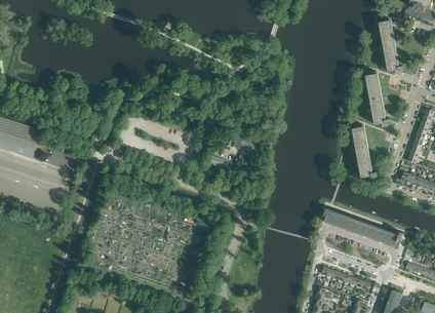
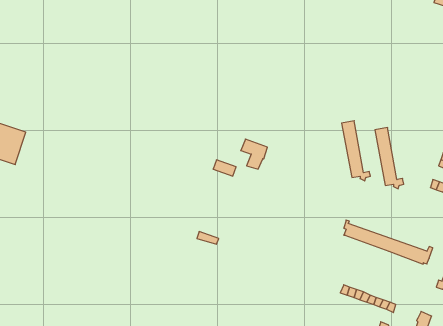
building: [379,21,404,74] -> none
building: [365,74,391,127] -> [342,121,370,181]

